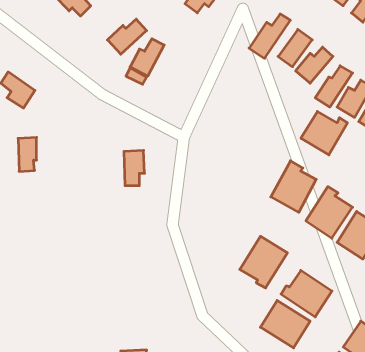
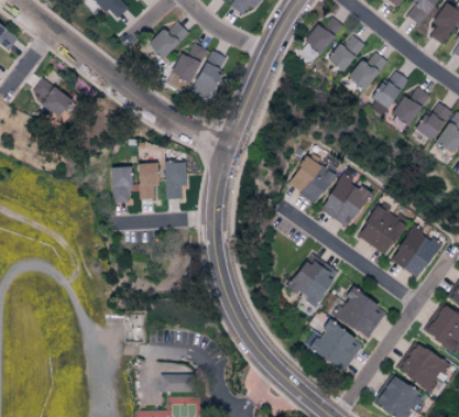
building: none -> [194,50,227,99]
building: [301,111,347,155] -> [288,156,338,202]
building: [18,137,37,171] -> [112,167,132,204]
building: none -> [139,164,157,199]

